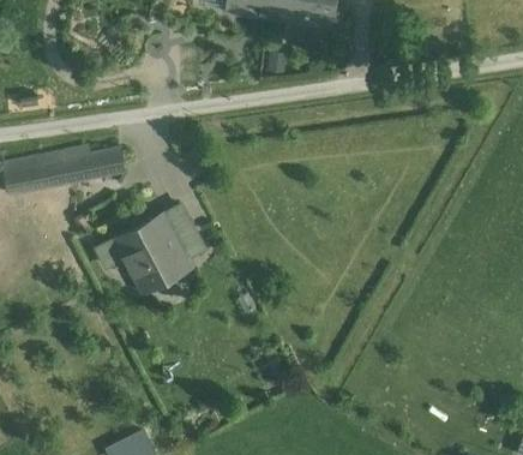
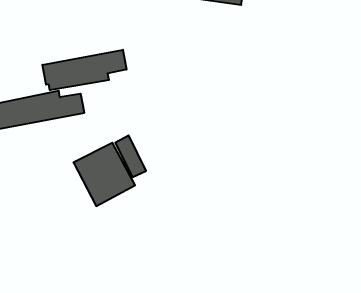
building: none -> [42,50,127,90]

